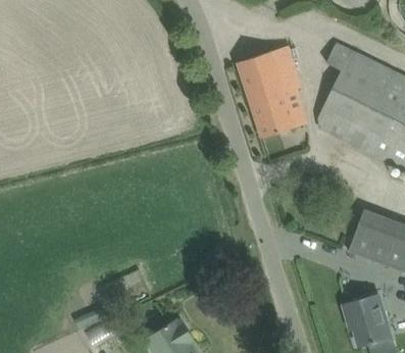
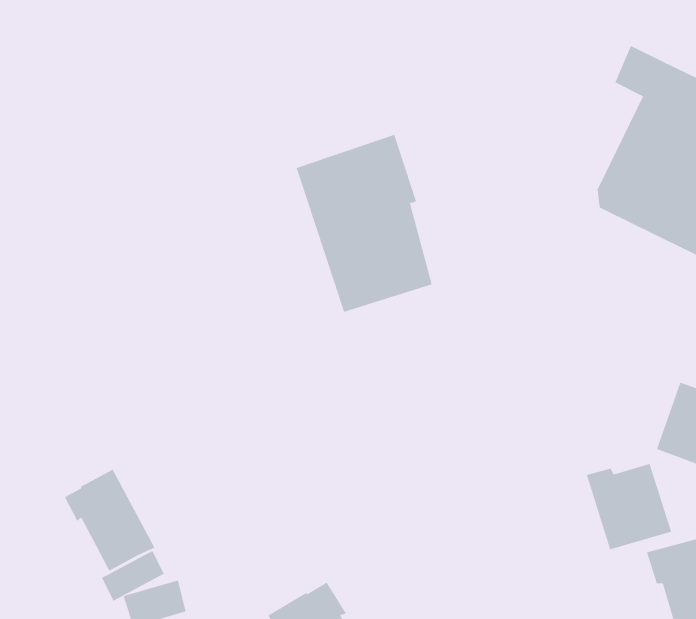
building: [237,45,307,137] -> [296,134,433,312]
building: none -> [586,463,672,550]
building: none -> [64,469,155,572]

